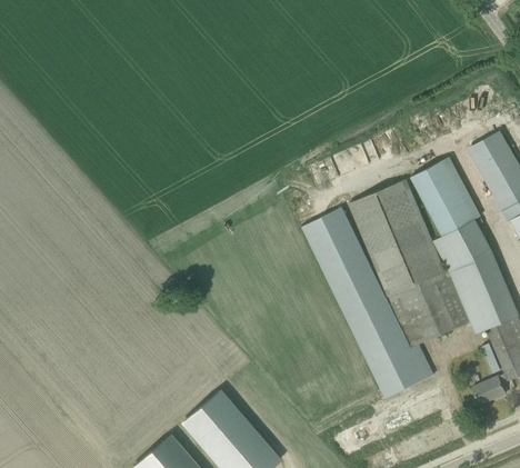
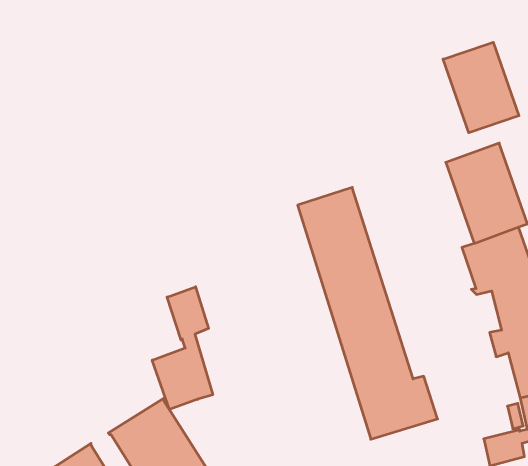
building: none -> [443,42,519,133]
building: [348,178,471,347] -> none
building: none -> [152,287,213,410]

